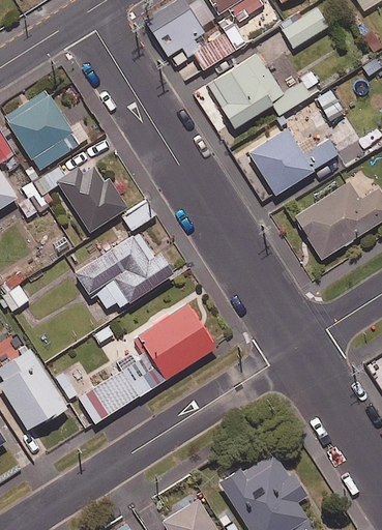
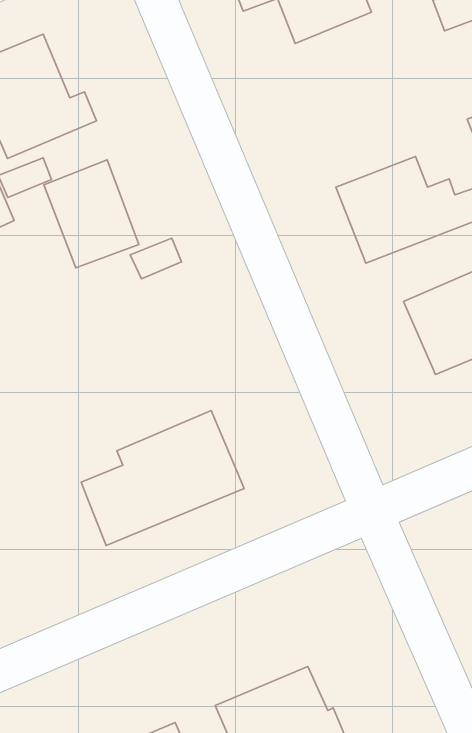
building: [207,53,311,127] -> none
building: [76,233,173,312] -> none
building: [77,371,137,424] -> none

